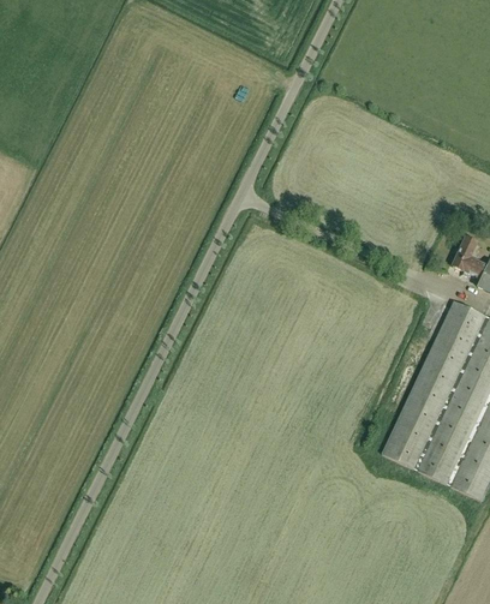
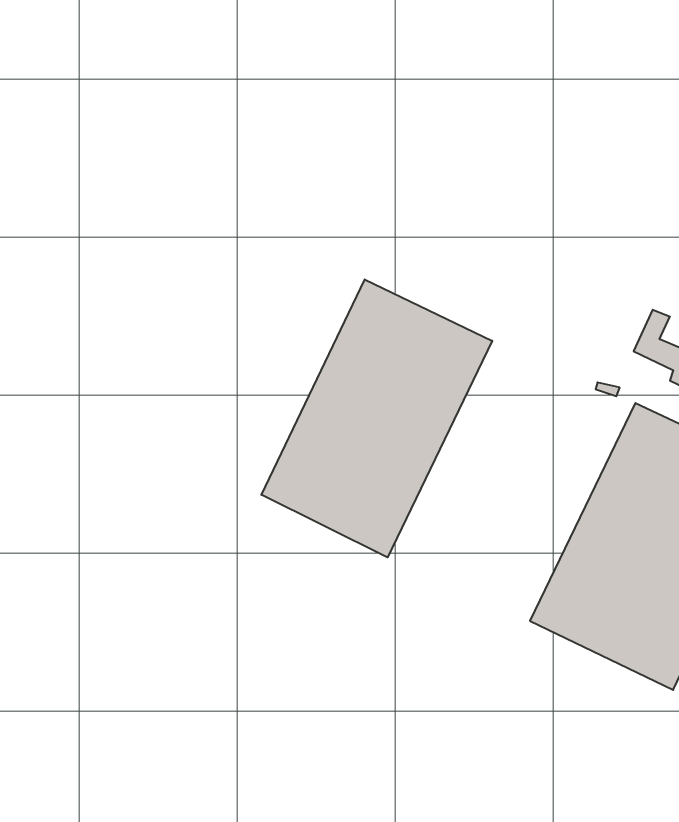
building: none -> [261,279,492,557]

